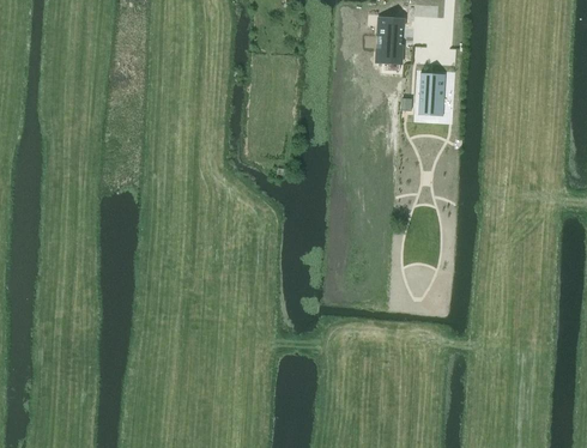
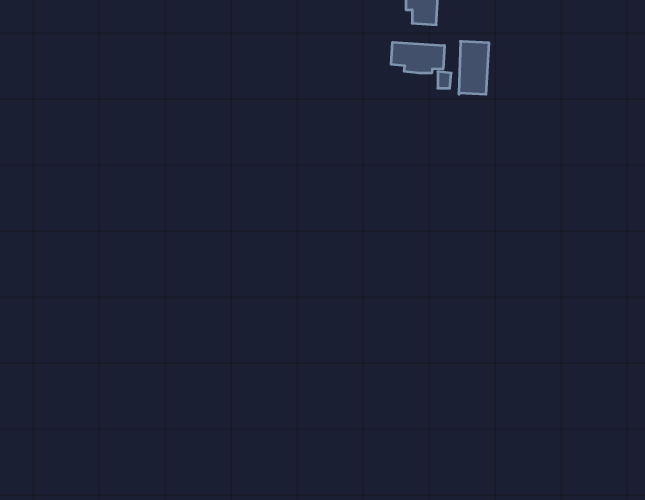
building: none -> [391,42,444,73]

